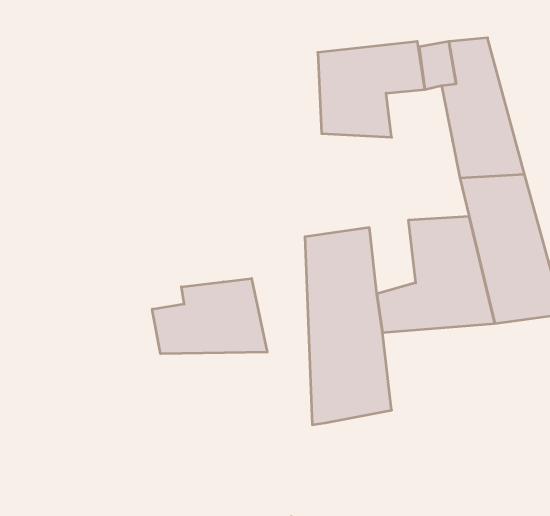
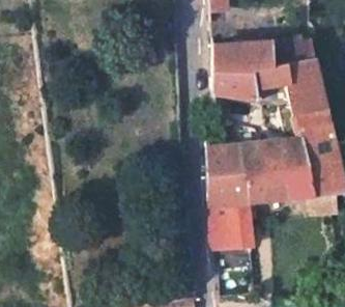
building: none -> [241,138,267,179]
building: [152,278,267,354] -> none

